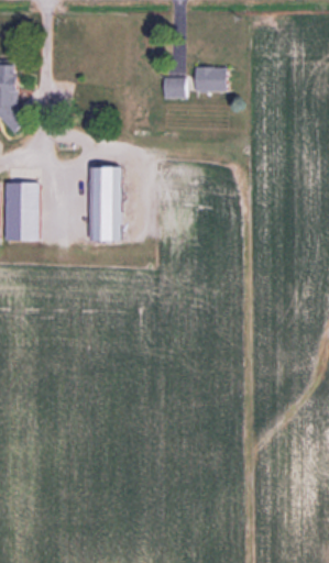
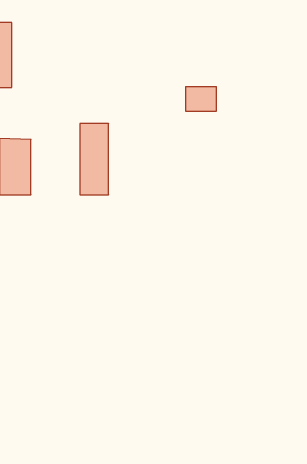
building: [193,67,224,92] -> [186,87,216,111]
building: [158,78,185,97] -> none

